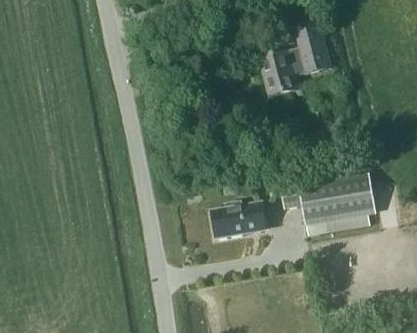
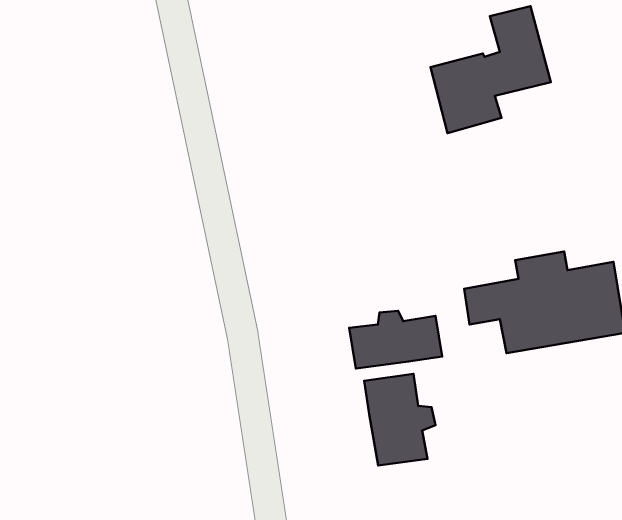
building: none -> [364,374,436,465]

